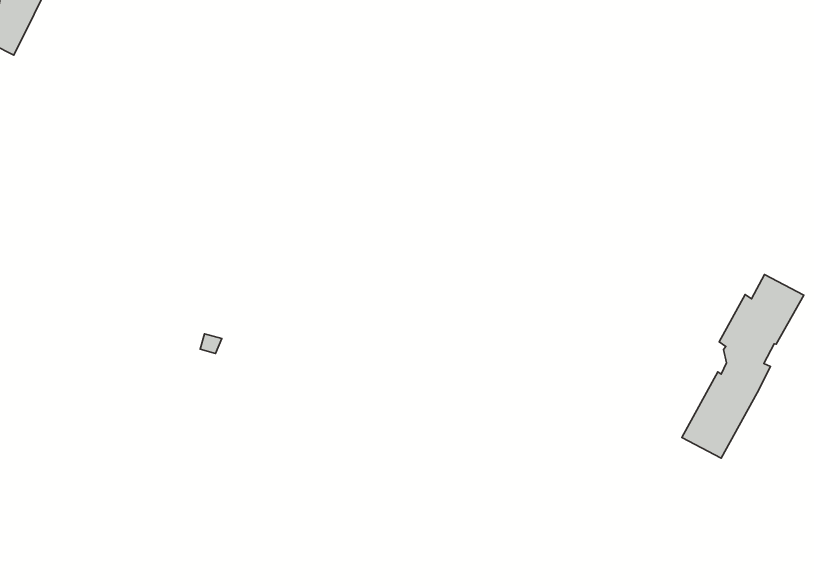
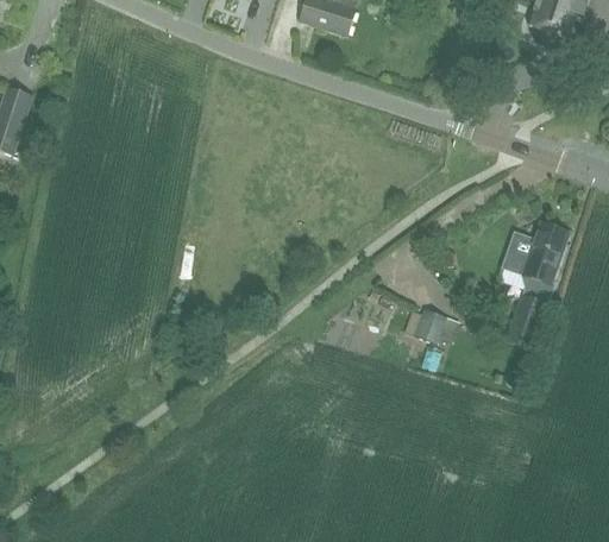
building: none -> [412,307,445,342]

